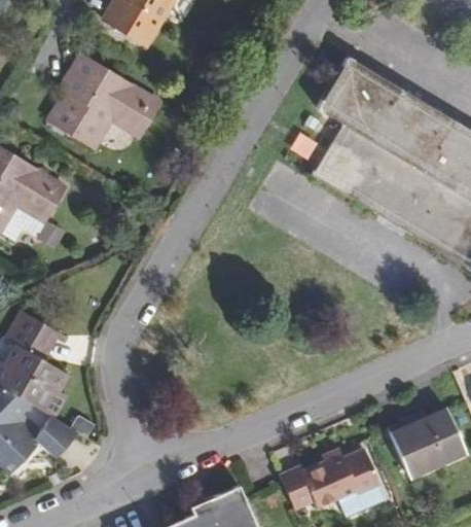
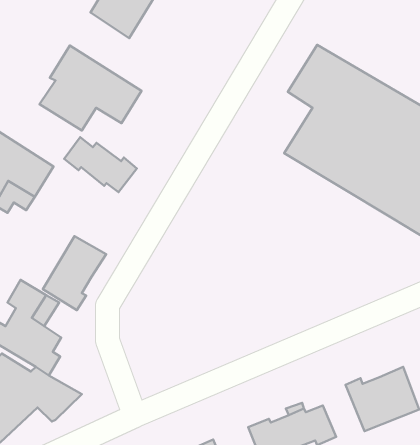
building: none -> [64,137,137,192]
building: none -> [43,236,106,310]

